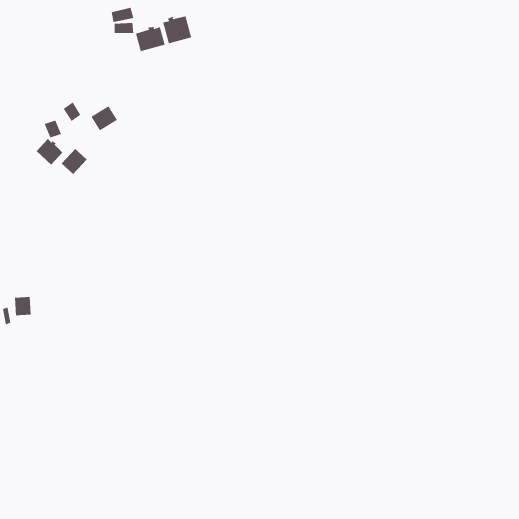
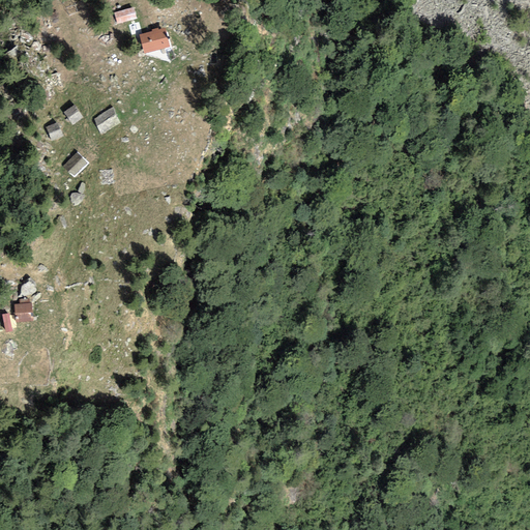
building: [162,15,192,44] -> none
building: [36,138,63,165] -> none

